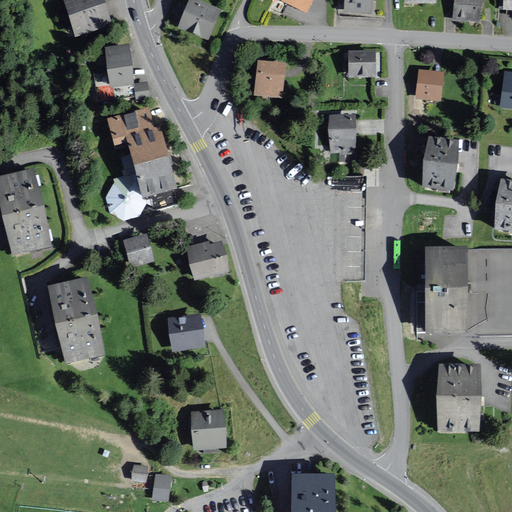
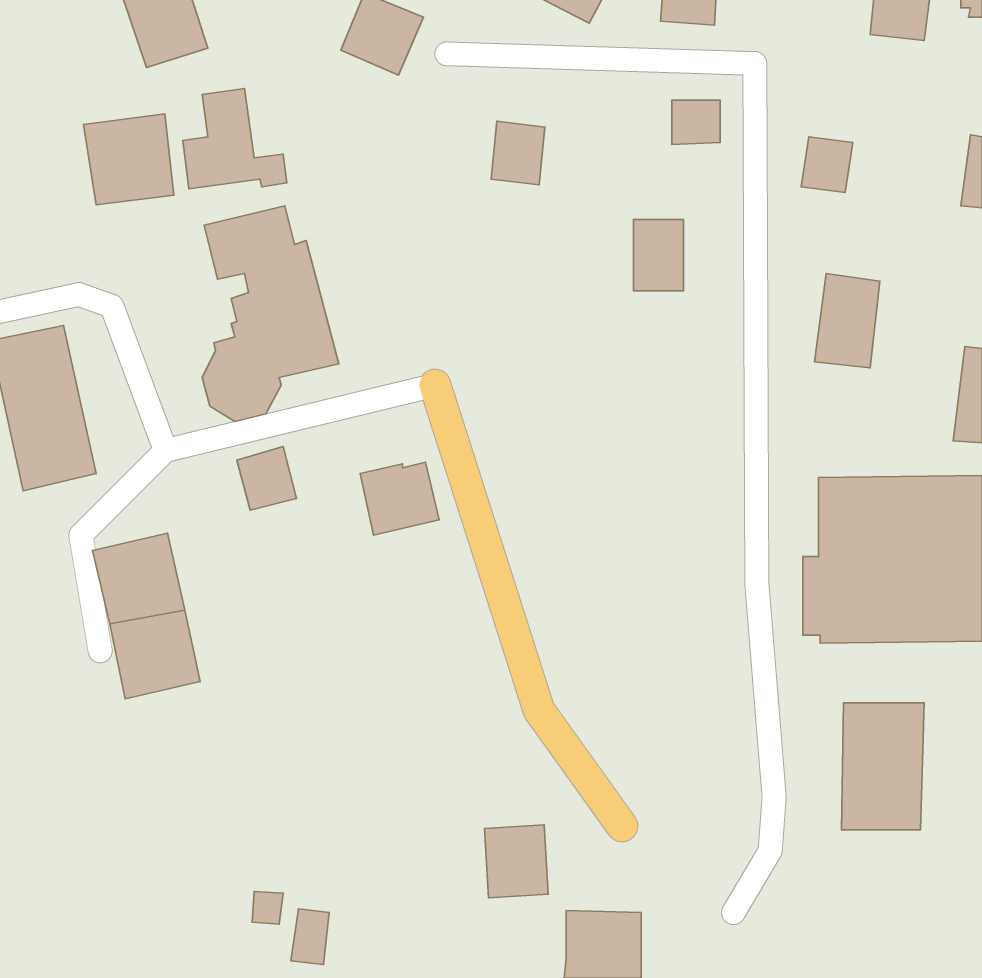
building: none -> [83,114,174,205]
building: [168,312,204,349] -> none
building: [191,411,224,449] -> [485,825,548,898]

